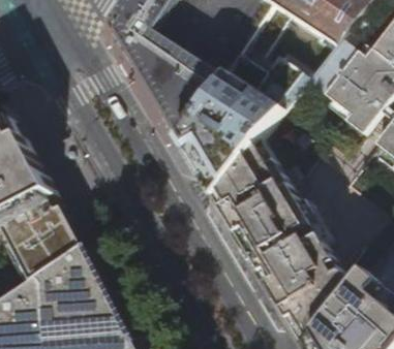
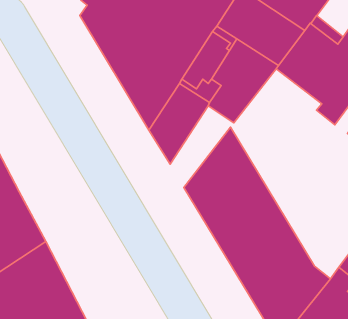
building: [205,113,267,192] -> none

